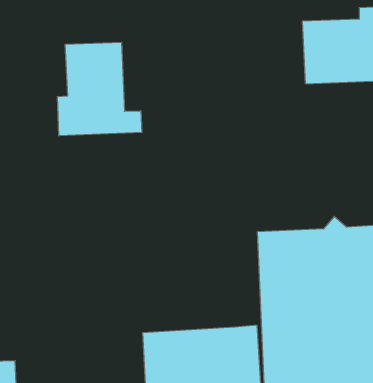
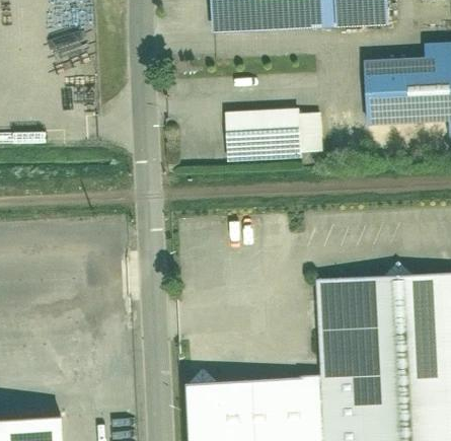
building: [57,42,142,136] -> none
building: none -> [224,107,323,162]

